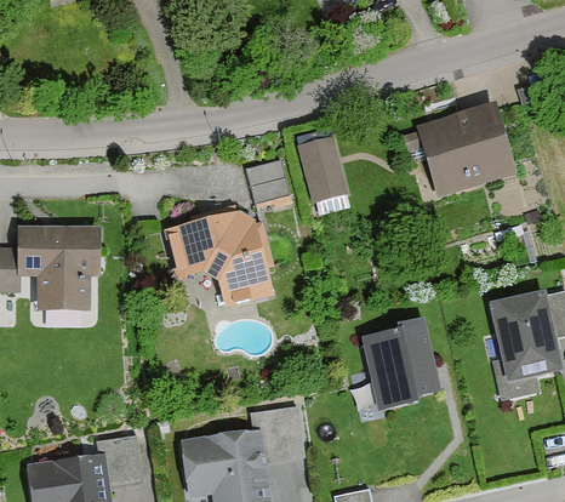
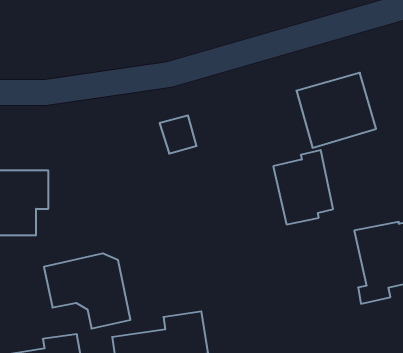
building: [296,133,346,201] -> none
building: [165,209,275,304] -> [44,253,130,329]
building: [363,315,439,410] -> [273,150,333,224]

